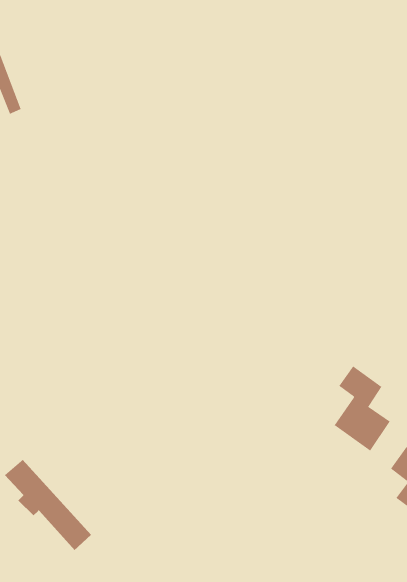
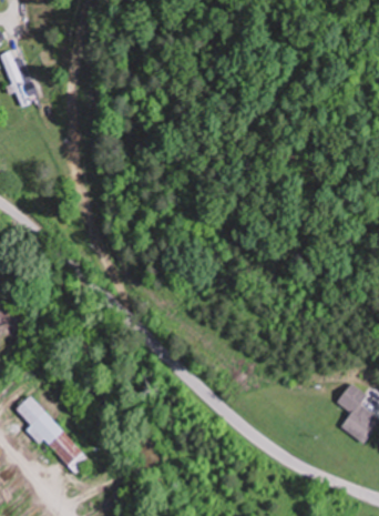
building: [334,366,390,451] -> none

